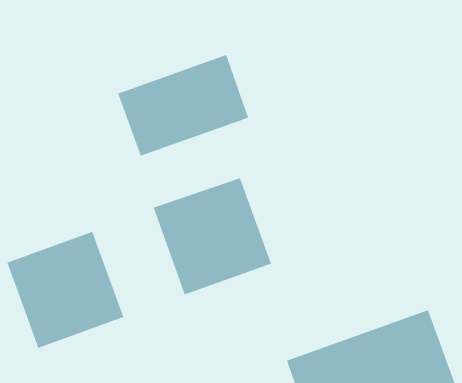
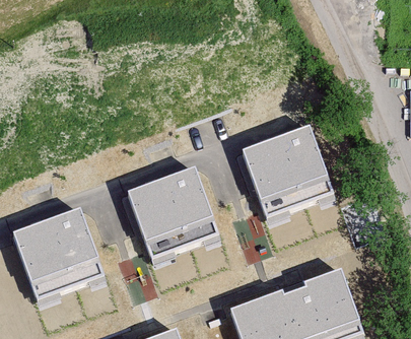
building: [117,54,249,157] -> none
building: none -> [245,127,336,219]

